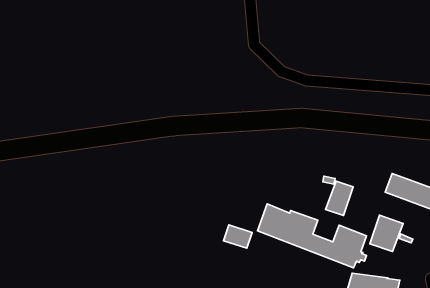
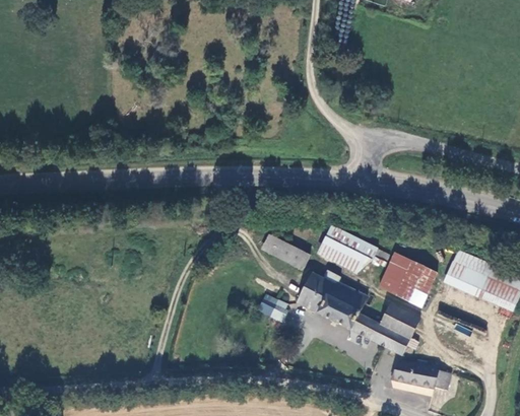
building: none -> [317,224,374,269]
building: none -> [263,234,309,268]
building: [370,215,403,252] -> [396,264,436,306]

